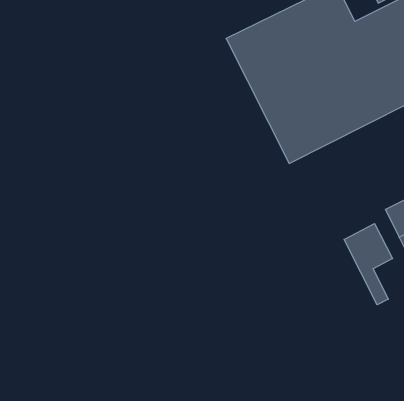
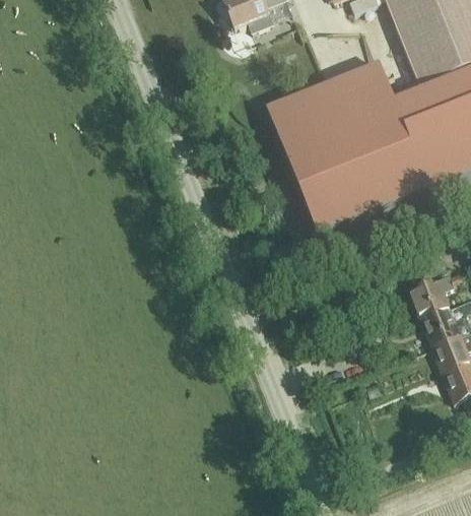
building: [344,224,393,305] -> none

